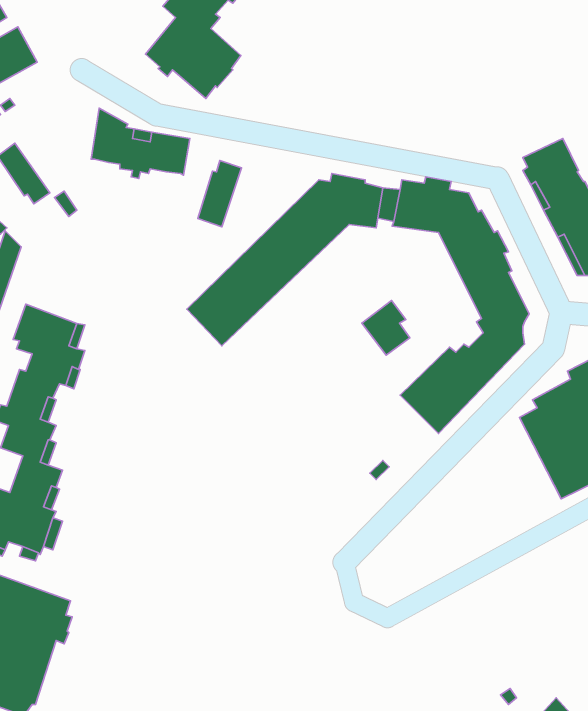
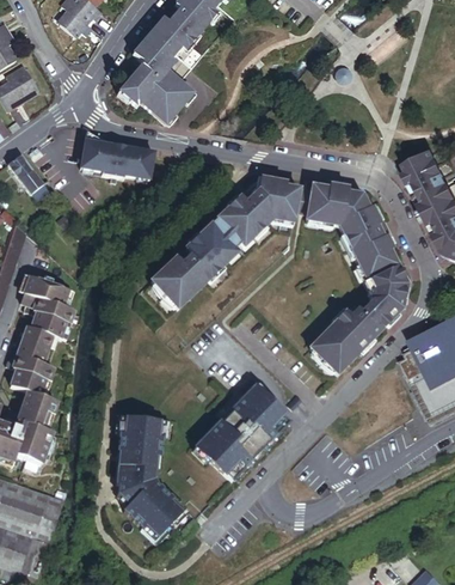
building: [198,161,241,227] -> none
building: [362,300,410,355] -> none
building: none -> [193,382,290,479]
building: none -> [116,414,186,540]

